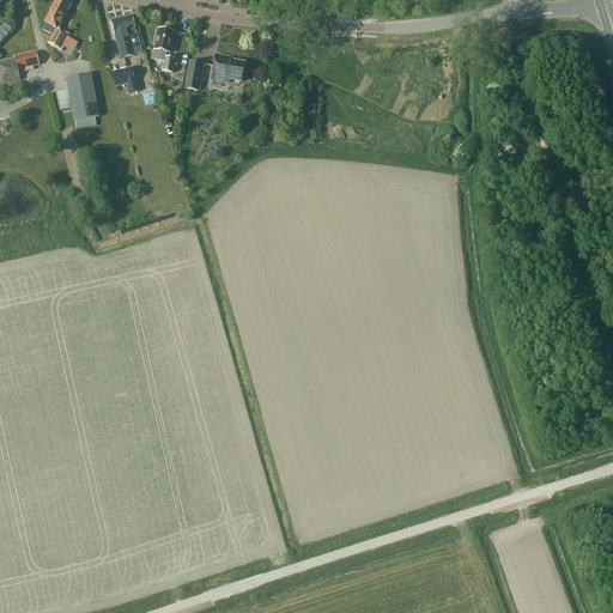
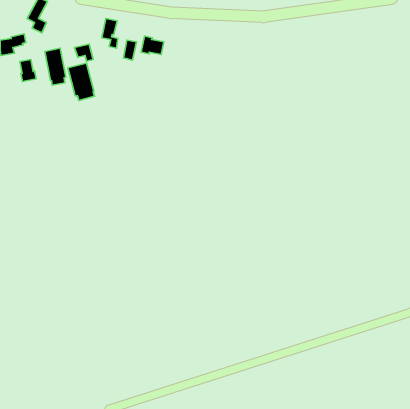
building: [111,14,142,57] -> none
building: none -> [20,59,36,82]
building: none -> [68,63,94,101]

